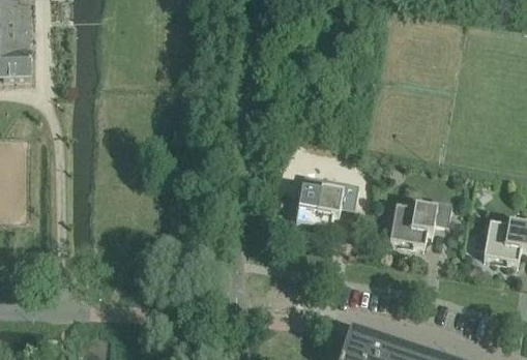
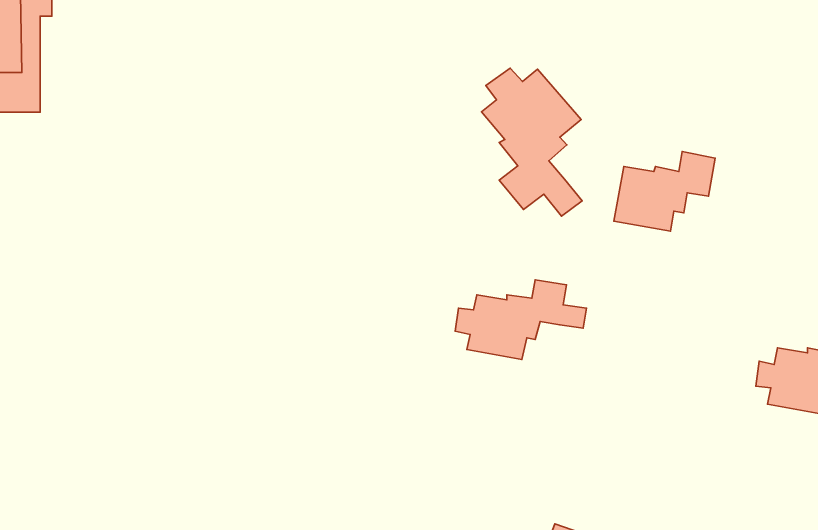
building: none -> [482,68,582,216]
building: [388,192,451,242] -> [614,151,715,231]

